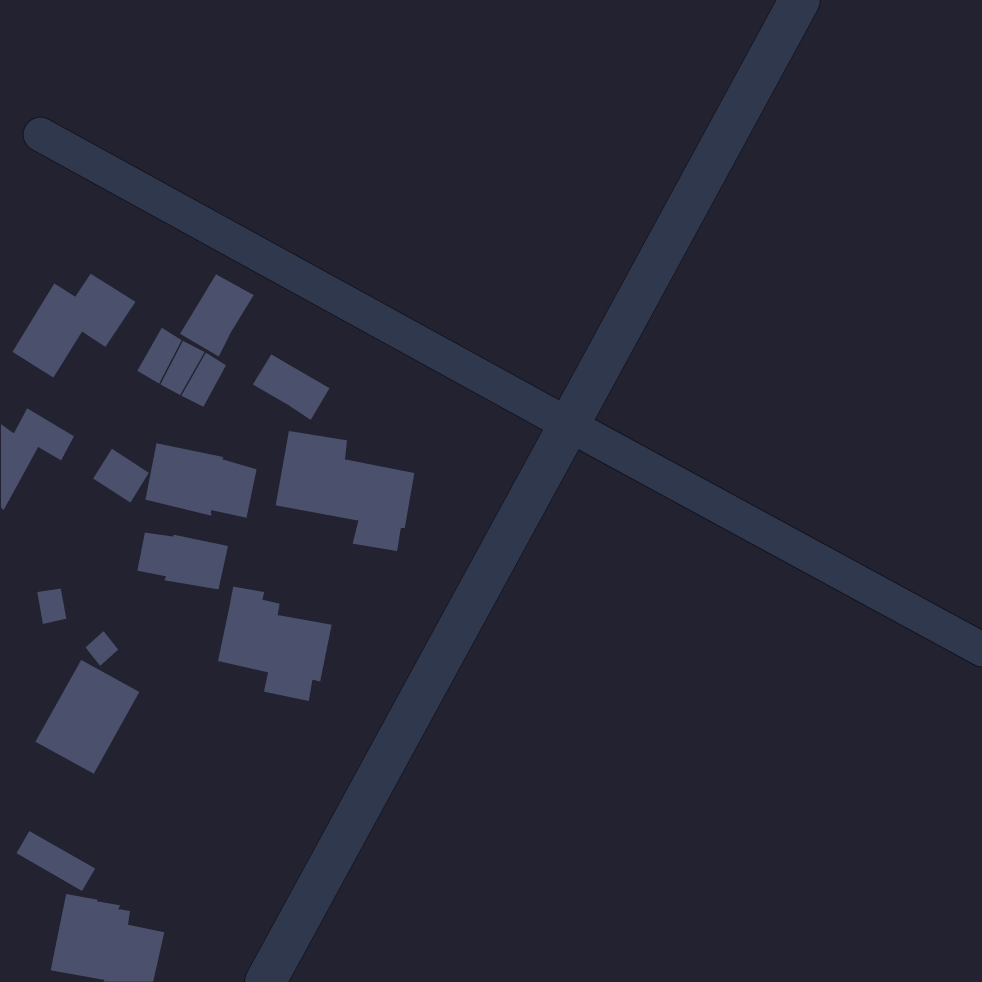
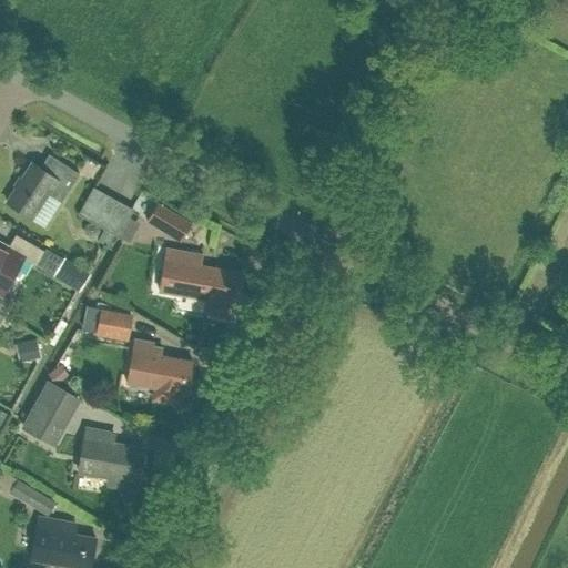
building: [179,273,254,358] -> none
building: [145,443,257,519] -> none
building: none -> [78,428,143,489]

